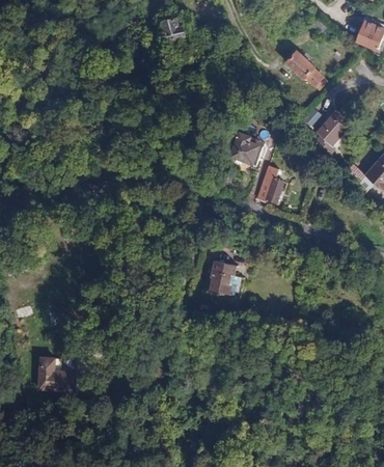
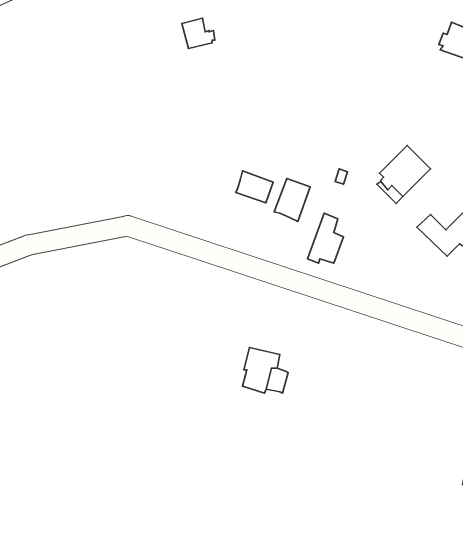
building: [286,51,323,85] -> none
building: none -> [236,171,273,203]
building: [36,354,75,389] -> none

